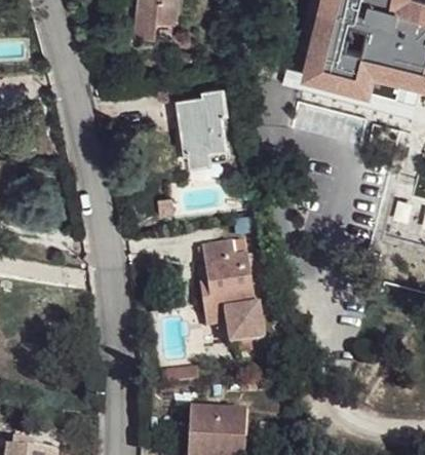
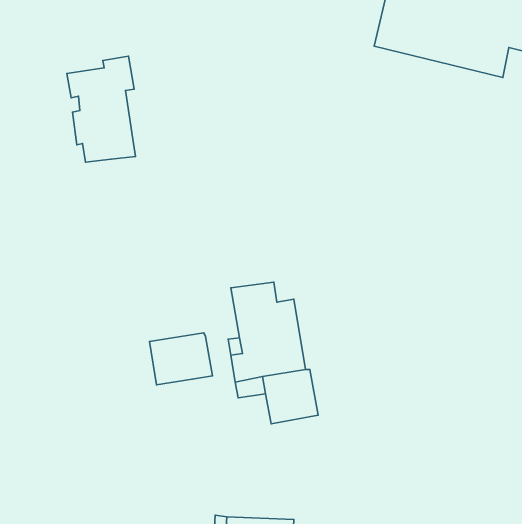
building: [177,87,226,163] -> [67,56,136,162]
building: none -> [149,333,213,385]

